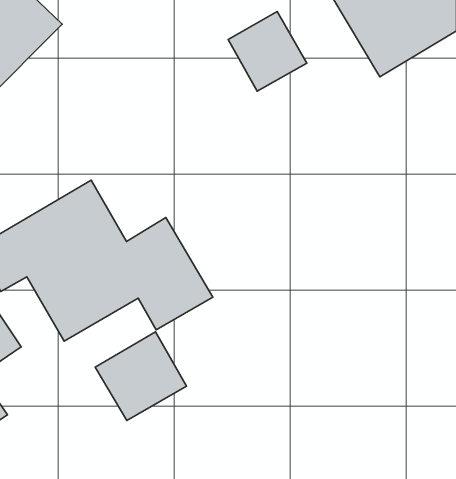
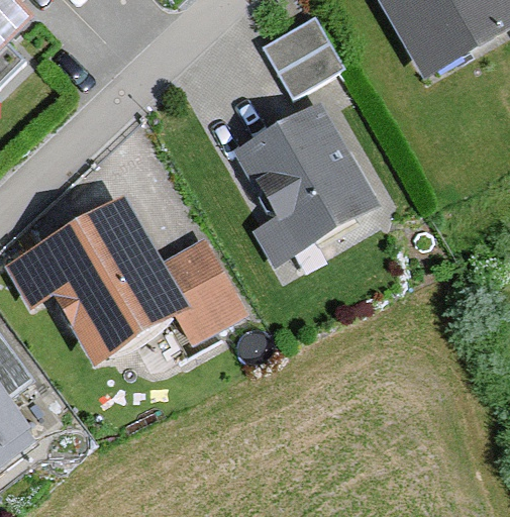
building: none -> [230,95,383,285]
building: [95,332,186,420] -> none

